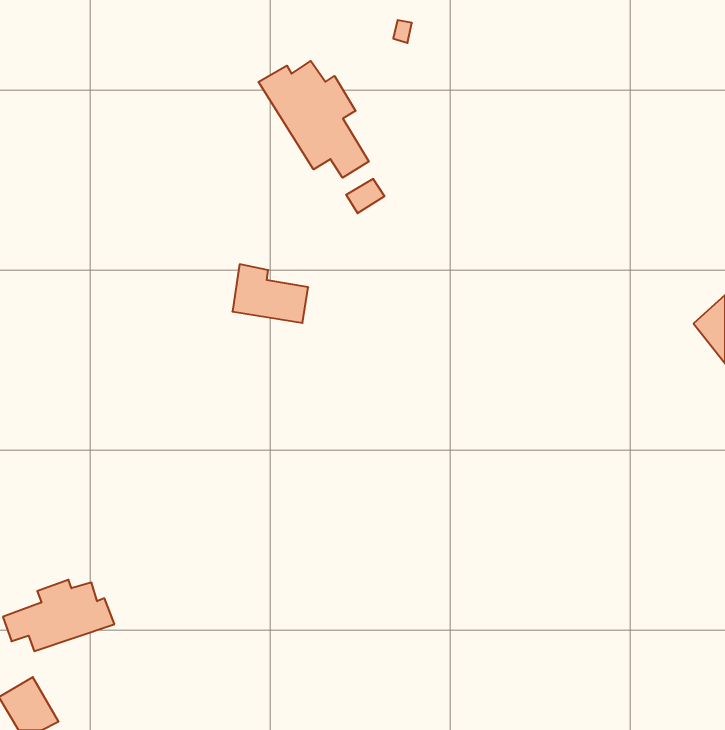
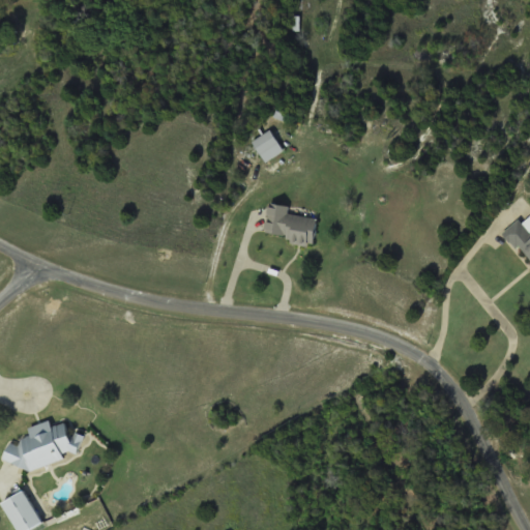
building: [258,61,369,178] -> none
building: [232,264,308,323] -> [264,201,319,243]

